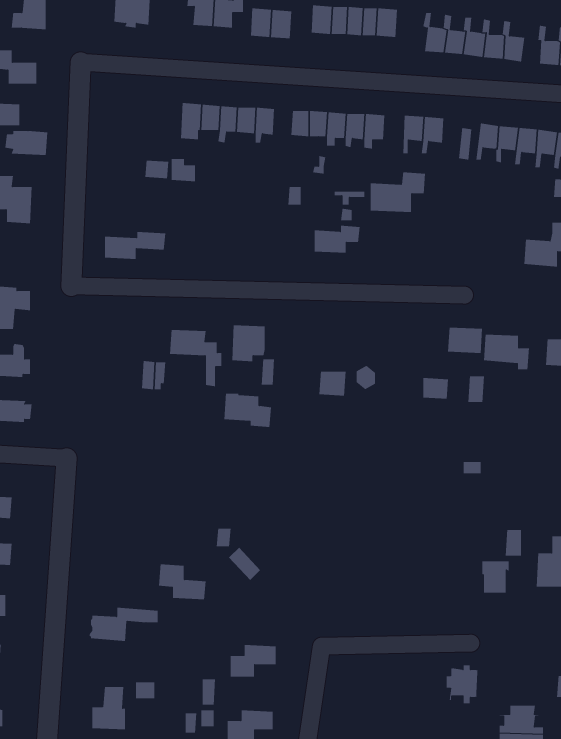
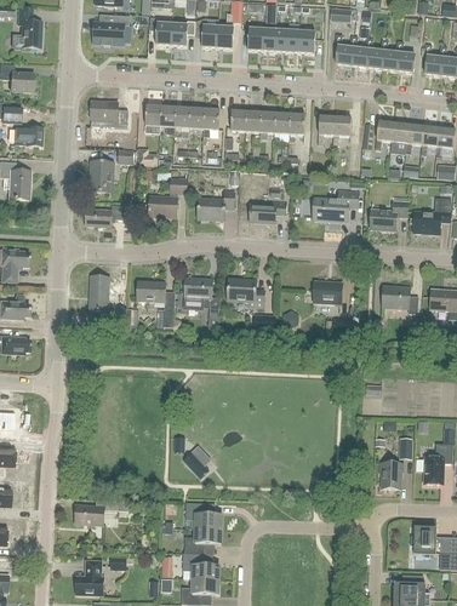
building: none -> [91,101,127,126]
building: [370,172,426,212] -> [314,189,358,221]
building: none -> [90,160,114,191]
building: none -> [149,178,187,217]
building: none -> [198,190,235,219]
building: none -> [370,196,409,230]
building: none -> [88,275,113,310]
building: [447,327,483,353] -> [314,281,342,302]
building: [224,393,272,427] -> [228,279,265,305]
building: [158,564,206,600] -> [184,501,222,528]
building: [446,665,478,704] -> [411,526,436,556]
building: none -> [182,551,219,579]

